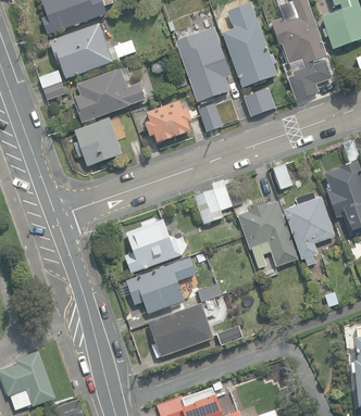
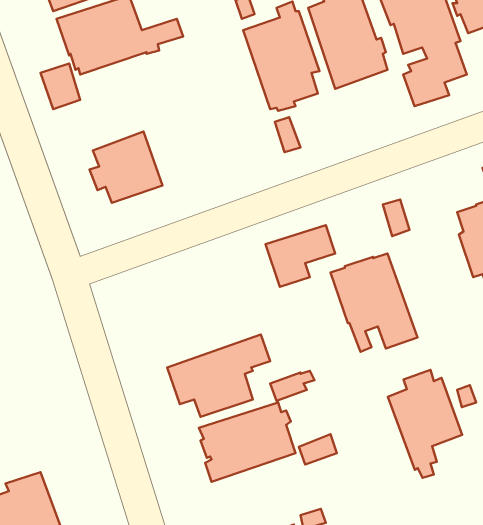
building: [75,68,146,123] -> none
building: [244,88,274,116] -> none
building: [145,100,192,142] -> none
building: [284,191,335,265] -> [388,370,462,478]
building: [125,218,188,274] -> none

